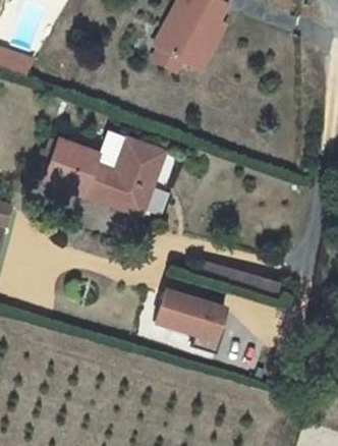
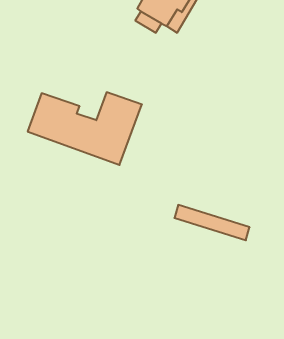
building: [153,288,222,353] -> none

